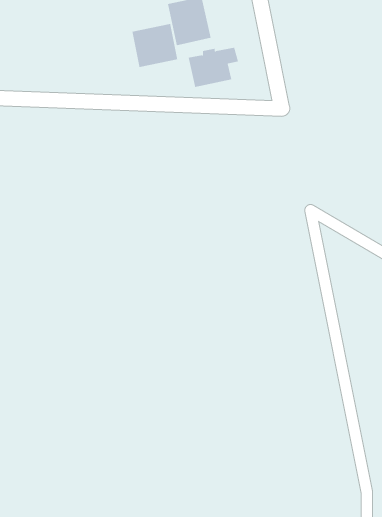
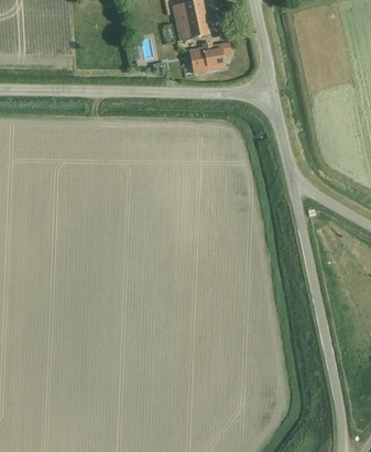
building: [132,23,178,68] -> none

